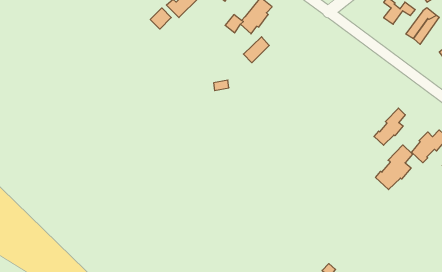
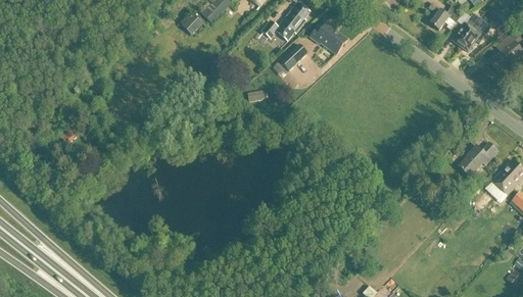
building: none -> [311,22,347,54]
building: [374,108,405,145] -> none
building: [376,145,412,190] -> none

